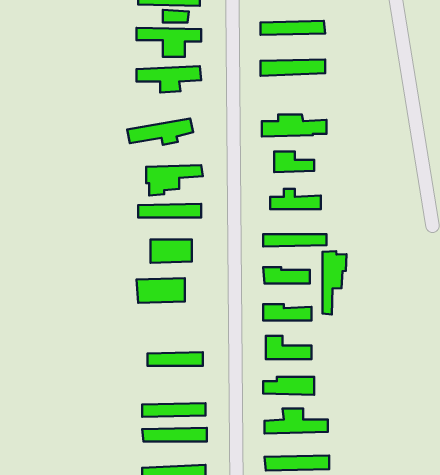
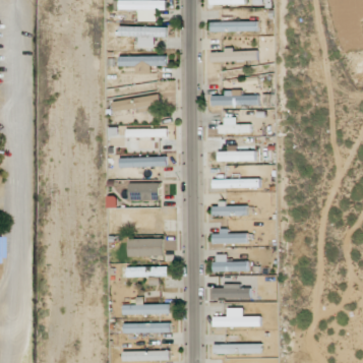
building: [323,251,347,315] -> none
building: none -> [131,238,167,256]

